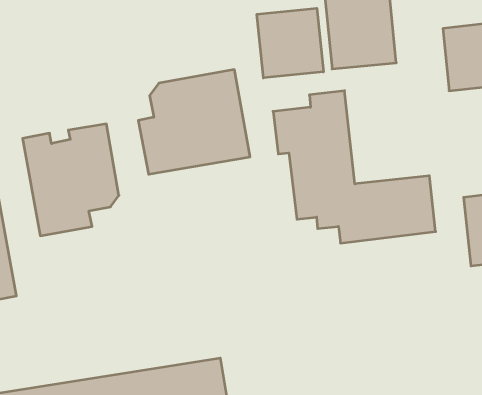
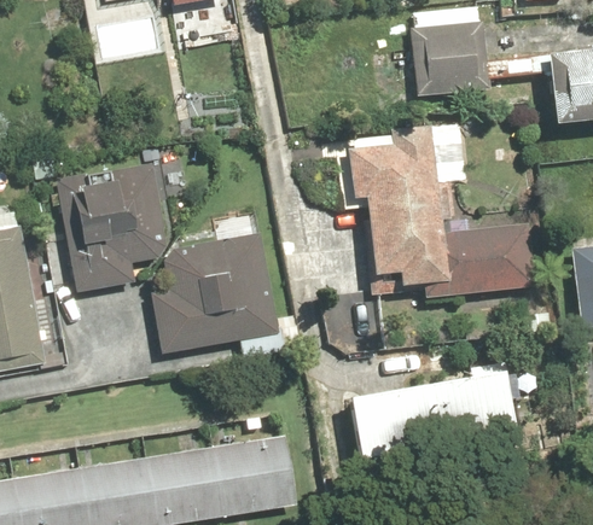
building: [257,8,323,78] -> none
building: [138,70,250,174] -> [150,232,280,354]
building: none -> [349,371,517,462]

